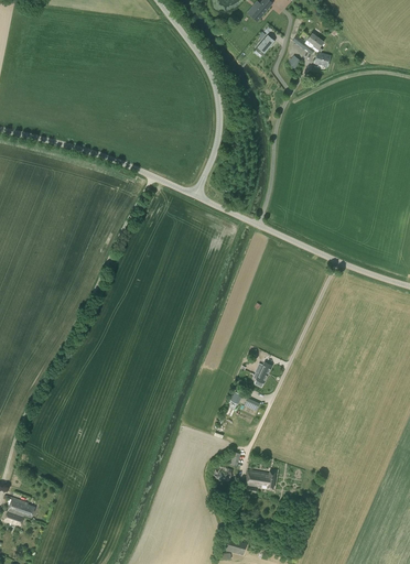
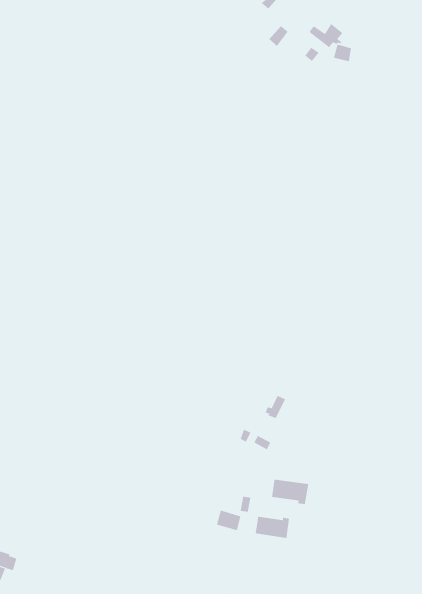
building: none -> [272,479,309,505]

